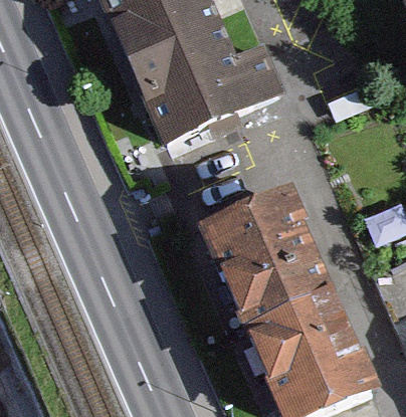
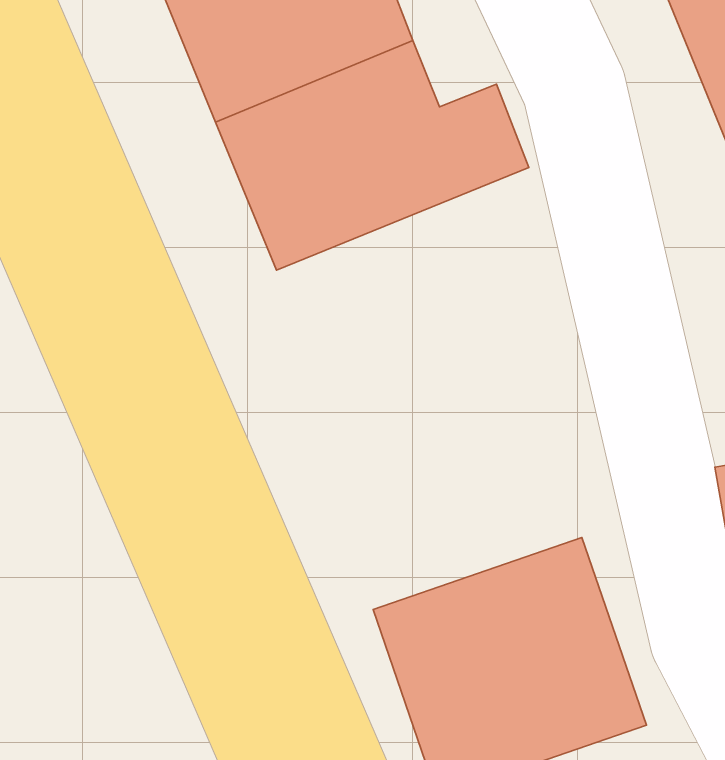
building: [183,190,328,328] -> none

